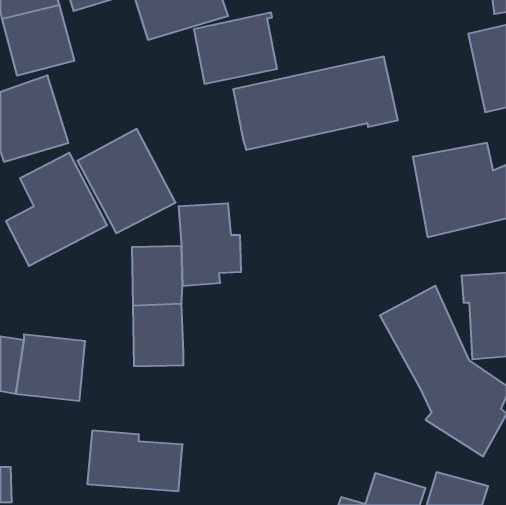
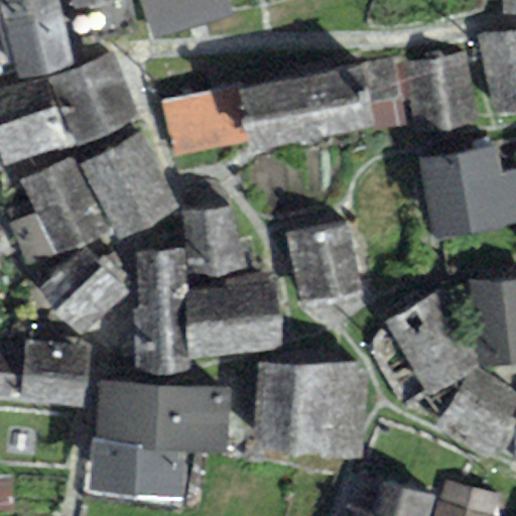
building: [194,12,277,84] -> [163,85,248,157]
building: none -> [49,50,139,145]
building: none -> [403,51,478,133]
building: none -> [286,220,361,301]
building: none -> [38,246,130,338]
building: none -> [185,274,280,358]
building: none -> [255,359,365,457]
building: none -> [95,379,232,454]

